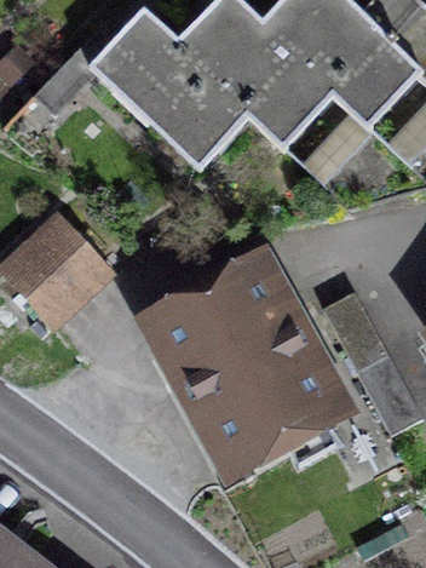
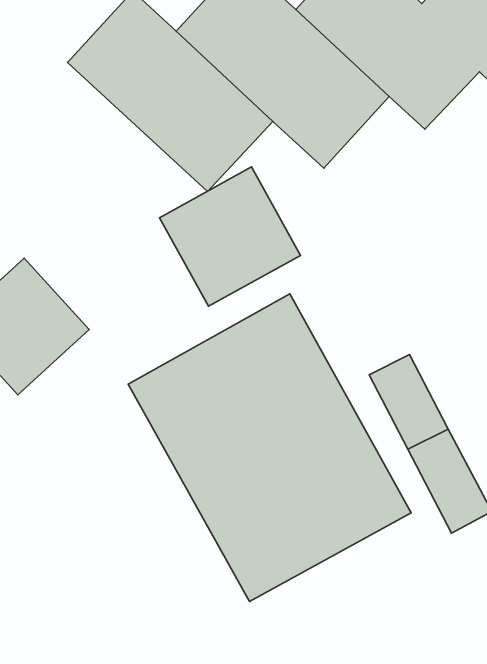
building: none -> [159,167,300,306]

